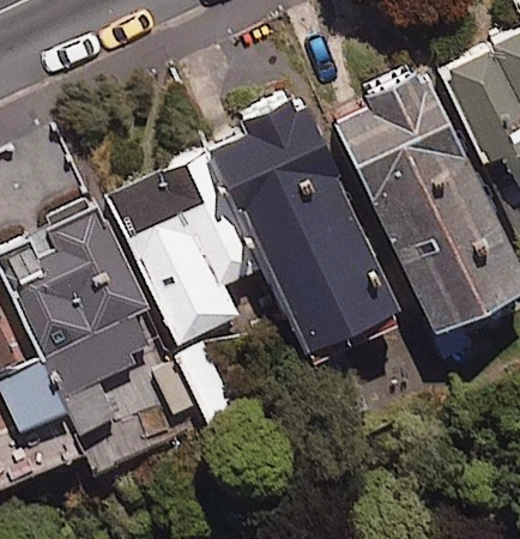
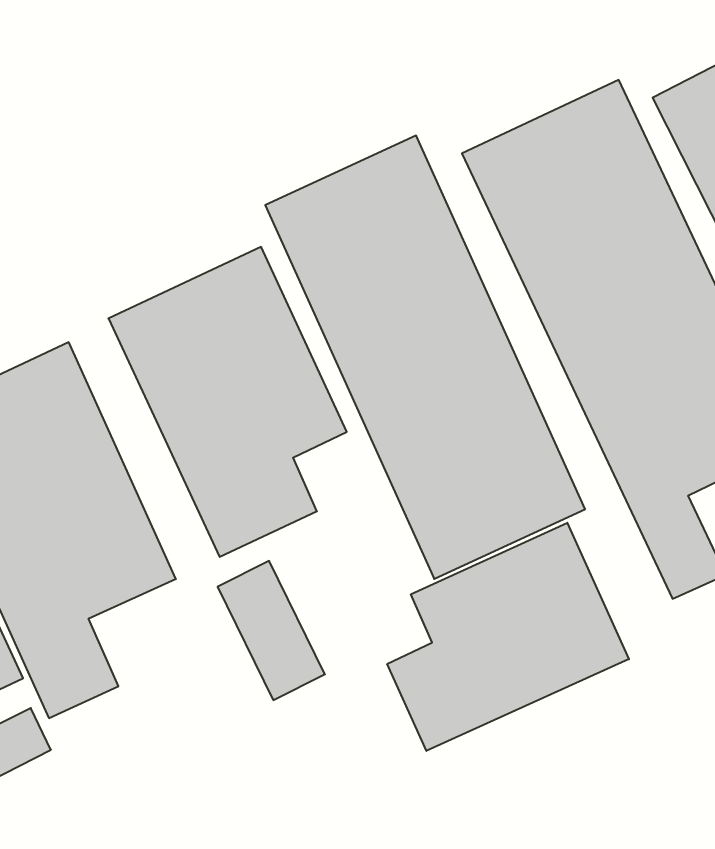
building: none -> [387,523,629,751]

